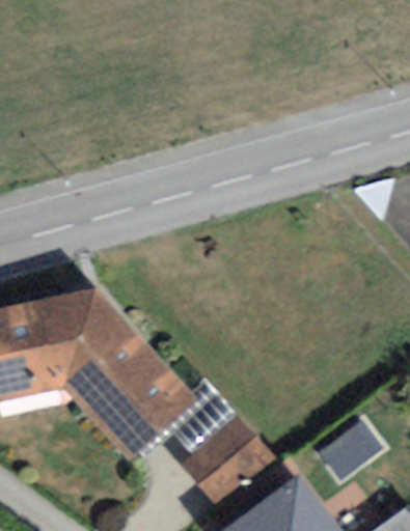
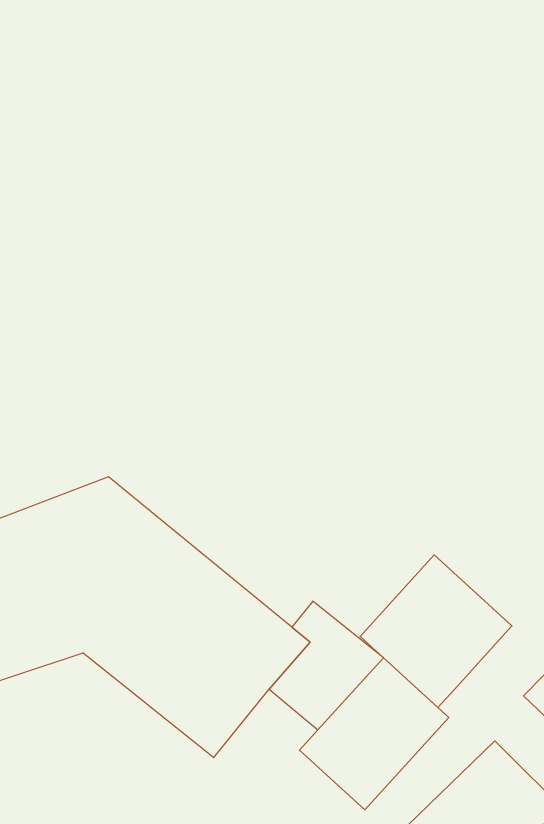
building: none -> [360,555,512,707]

